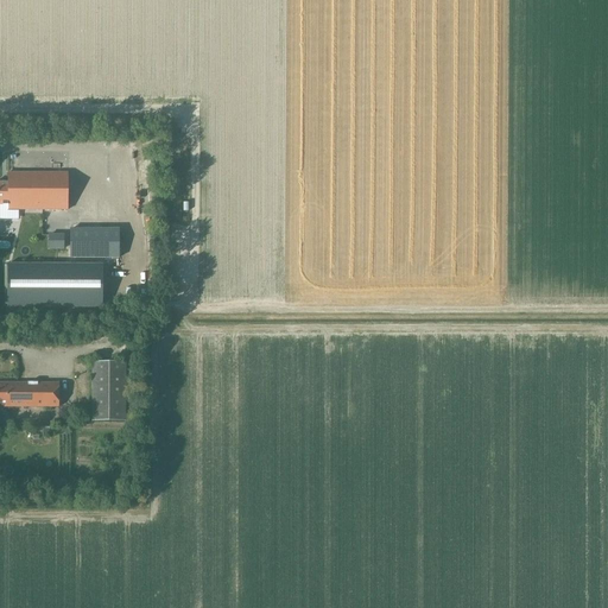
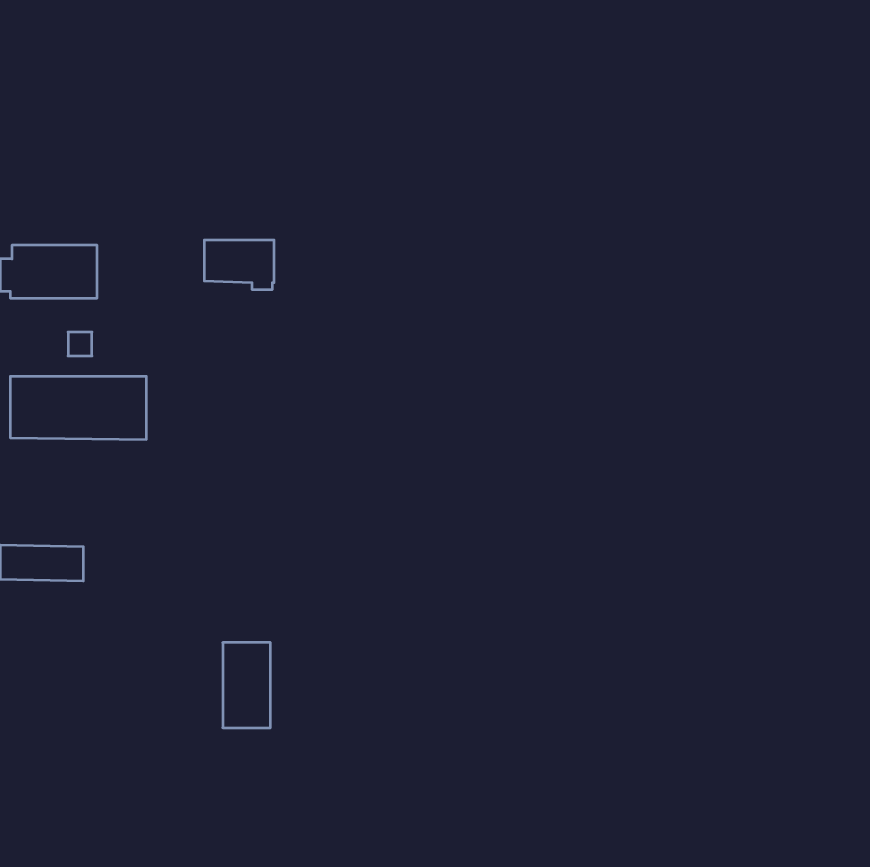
building: [70,227,119,261] -> [204,240,274,289]
building: [91,360,125,419] -> [223,643,270,728]

